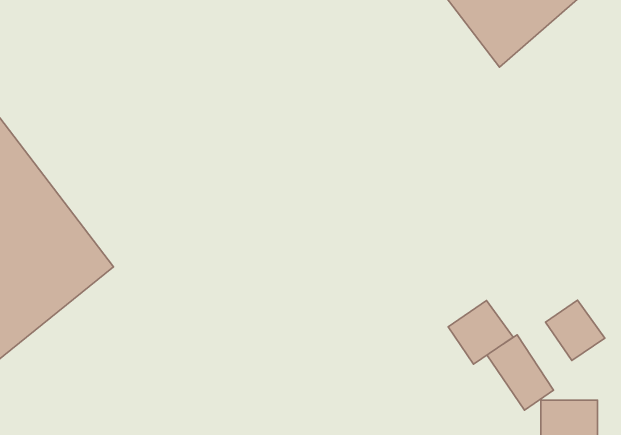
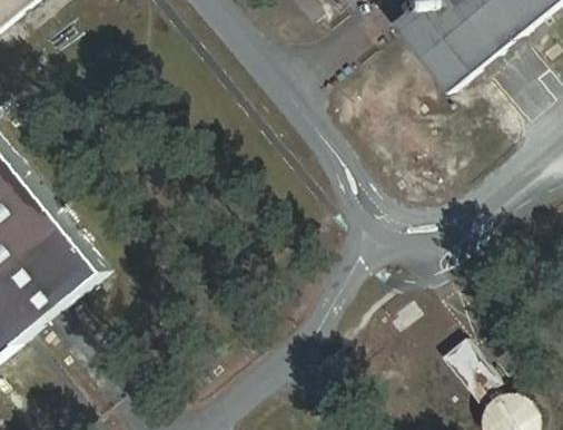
building: [546,300,605,361] -> none
building: [448,301,513,364] -> none

